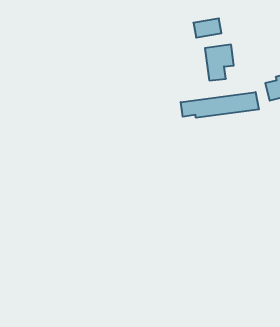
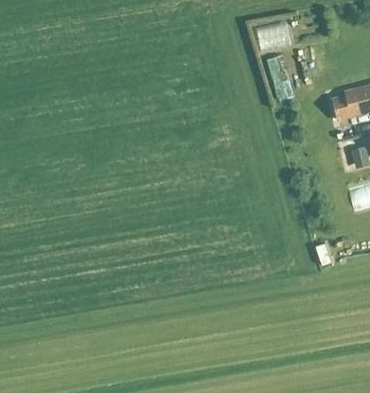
building: [181,92,259,118] -> none

